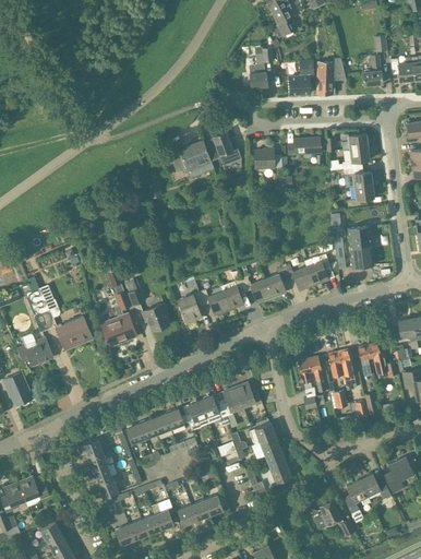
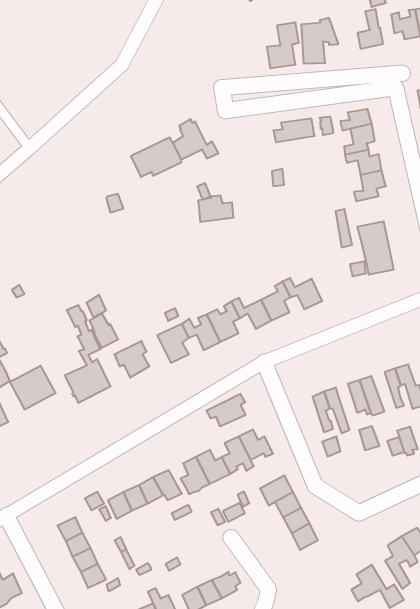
building: [248,48,274,87] -> none
building: [254,148,281,168] -> [198,196,234,222]
building: [304,254,330,285] -> none
building: none -> [207,394,245,426]

